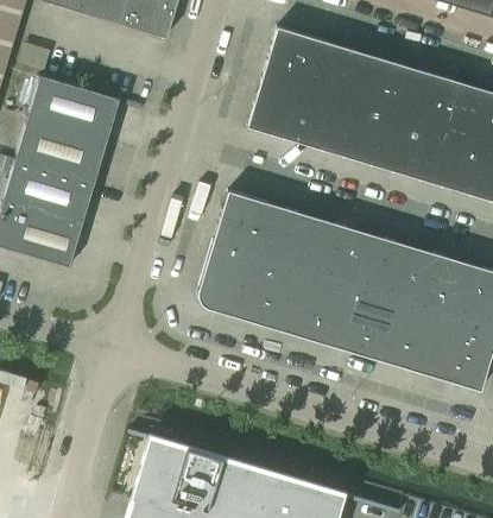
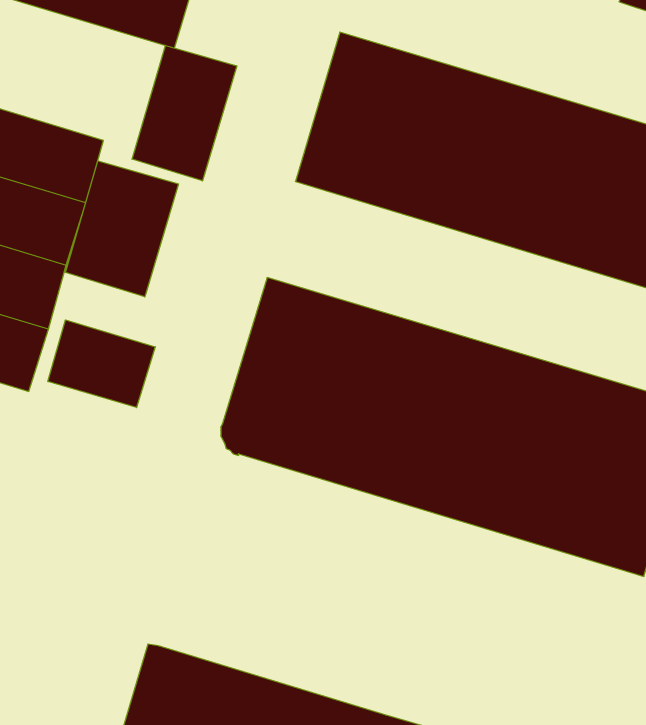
building: none -> [132,45,237,181]
building: none -> [65,161,178,297]
building: none -> [48,320,155,408]

